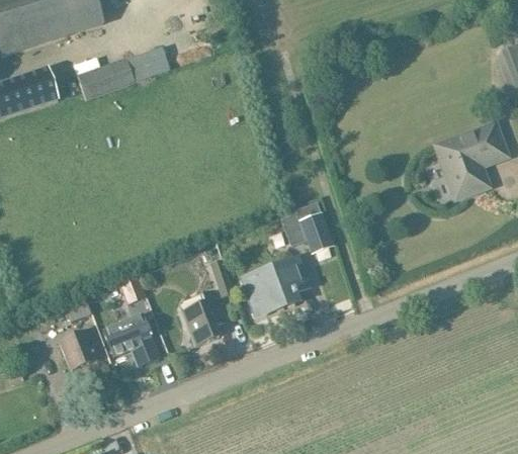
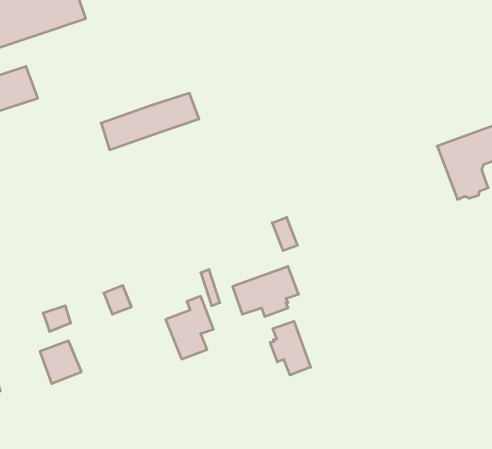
building: [77,44,170,98] -> [101,93,199,150]
building: [296,201,332,251] -> none
building: none -> [270,321,311,375]
building: [101,313,157,363] -> none

